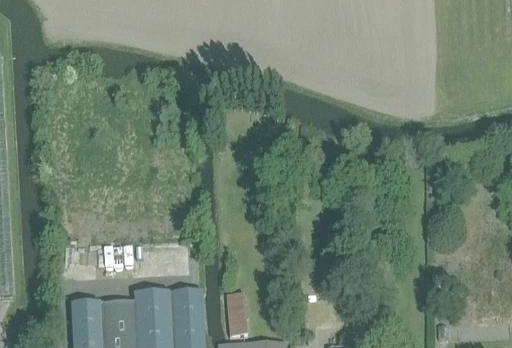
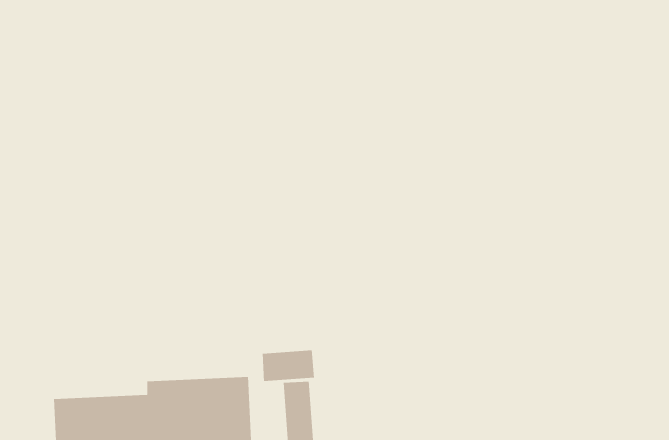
building: none -> [262,350,315,382]

